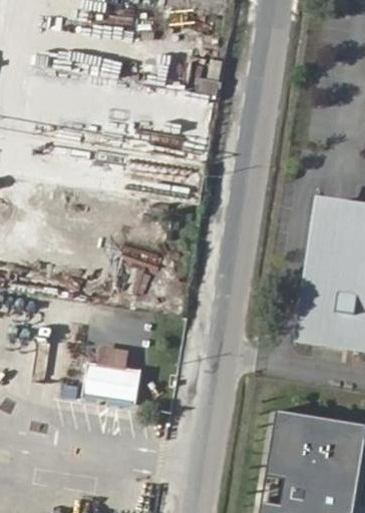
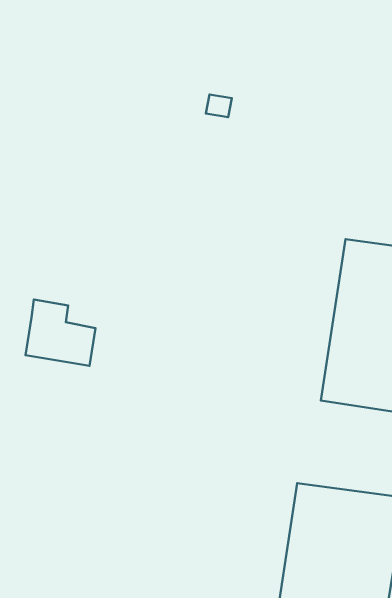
building: [84,346,143,402] -> [26,300,95,366]

